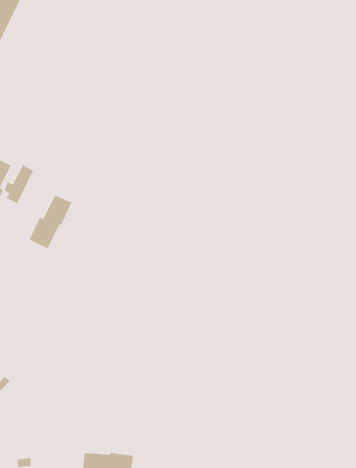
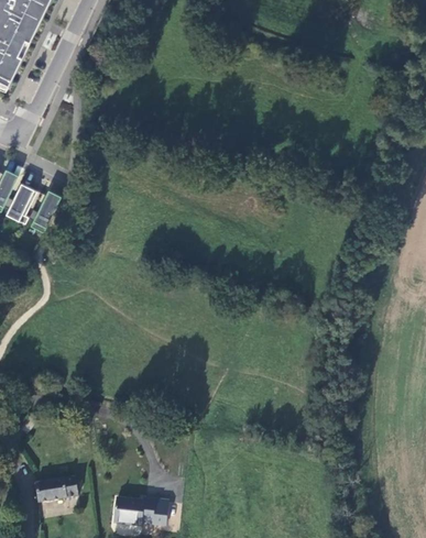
building: [29,195,72,249] -> none
building: none -> [34,476,77,502]

